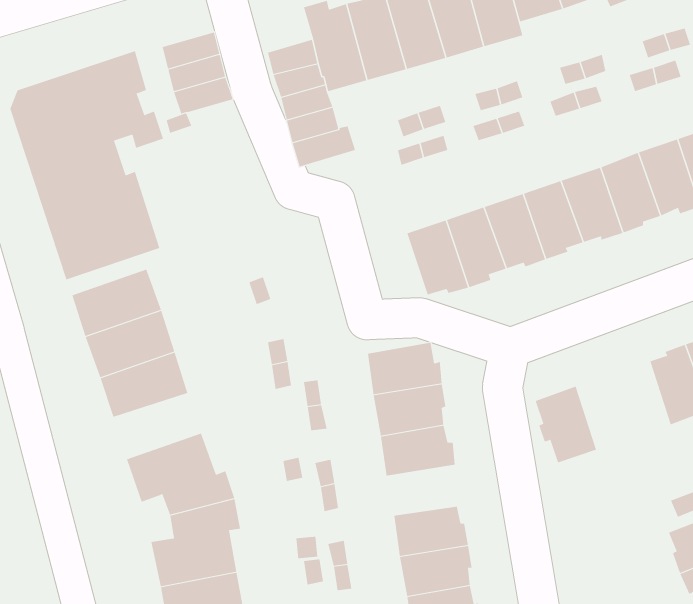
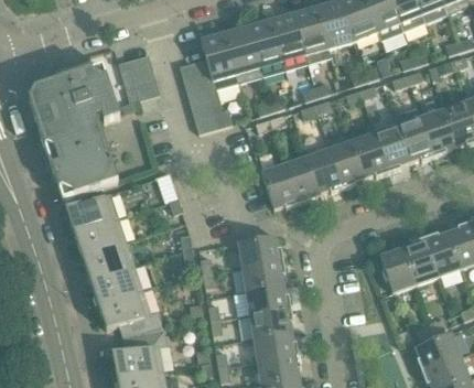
building: [535,386,597,463] -> [379,245,416,290]
building: none -> [89,263,141,302]
building: none -> [249,305,292,335]

